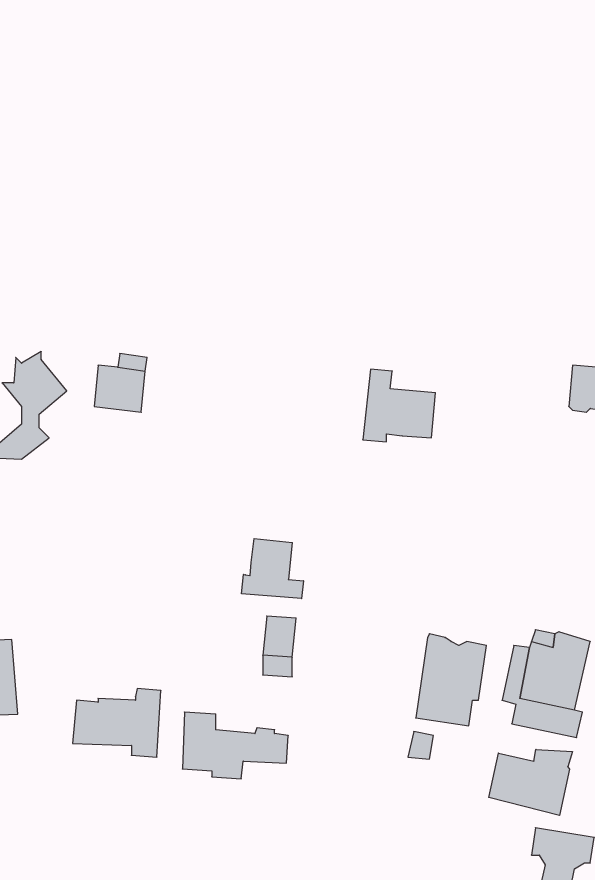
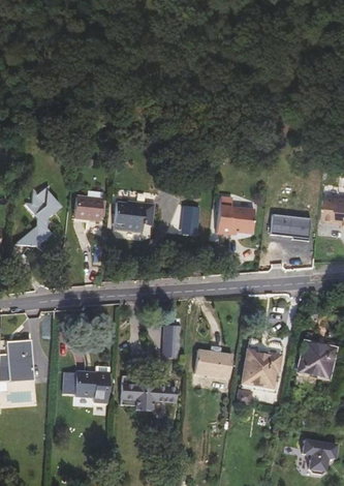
building: none -> [114,193,155,227]
building: none -> [181,204,200,234]
building: none -> [271,211,311,238]
building: [242,539,303,599] -> none
building: none -> [195,348,232,377]
building: [489,749,572,815] -> none

